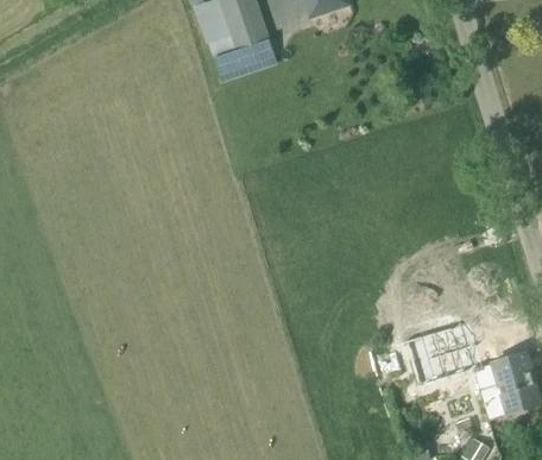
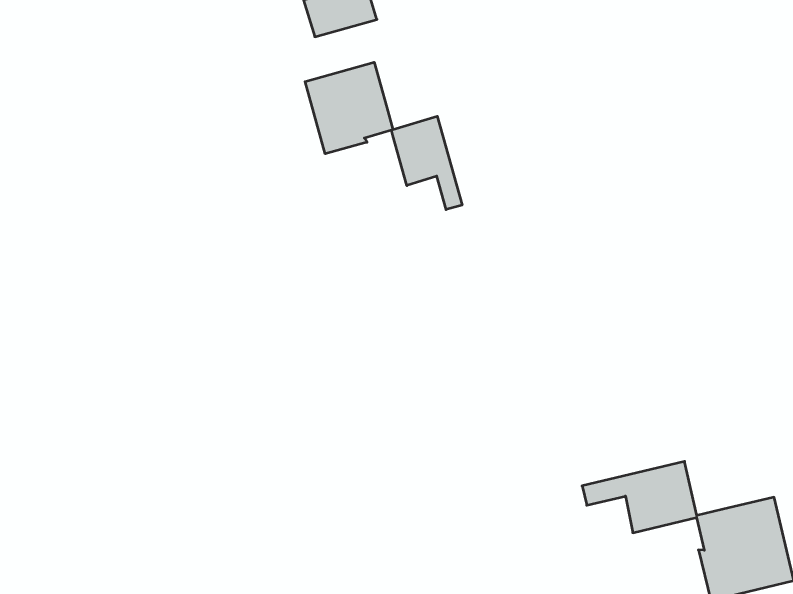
building: none -> [305,62,462,210]

